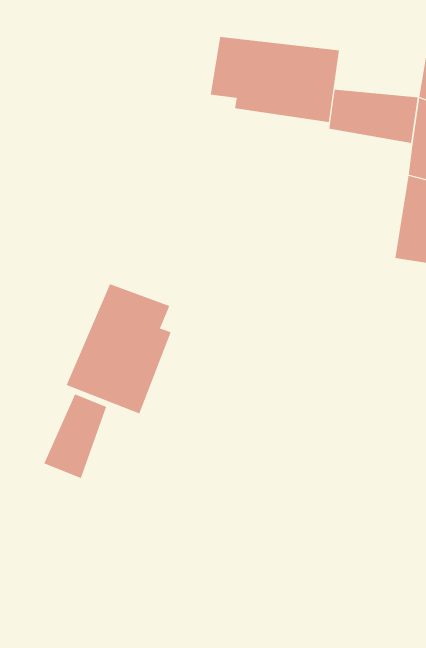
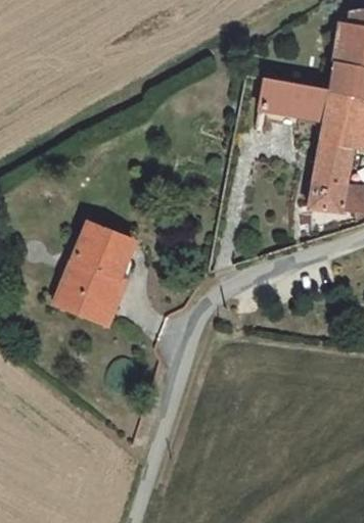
building: [210,36,339,123] -> none
building: [44,394,107,479] -> none

